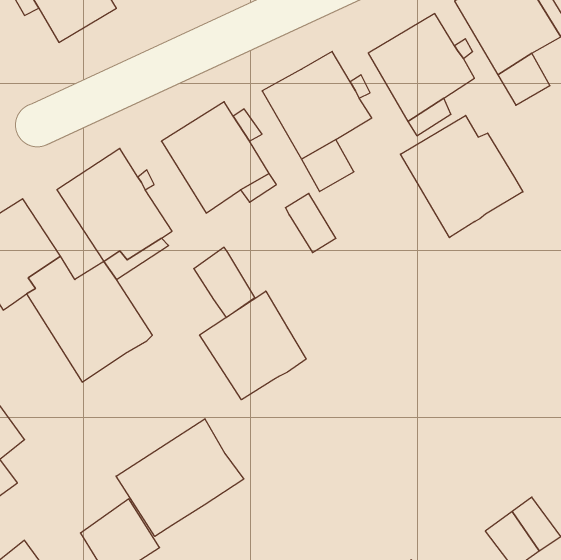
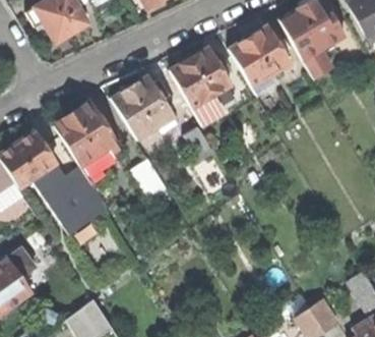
building: [400,115,523,238] -> none
building: [200,291,306,400] -> none
building: [116,419,244,536] -> none

